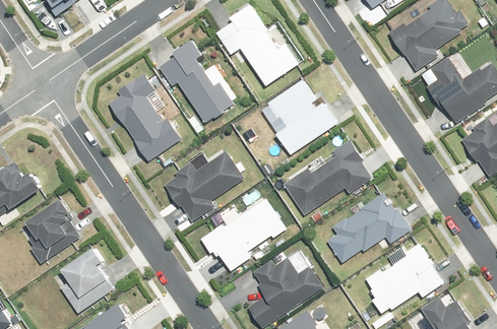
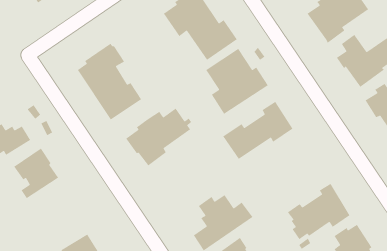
building: [159,41,234,123] -> none
building: [322,194,414,269] -> none
building: [199,200,286,269] -> none
building: [55,247,119,314] -> none

